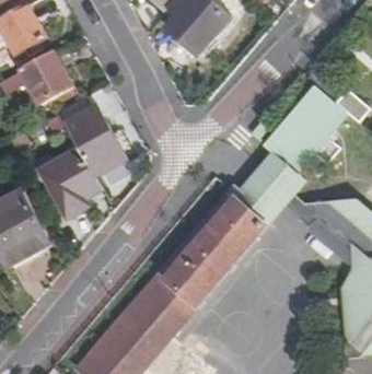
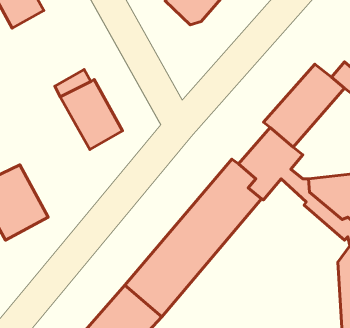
building: [19,50,73,105] -> none
building: [39,150,100,219] -> none

